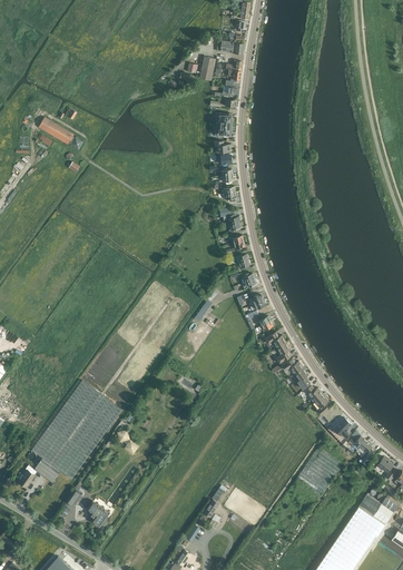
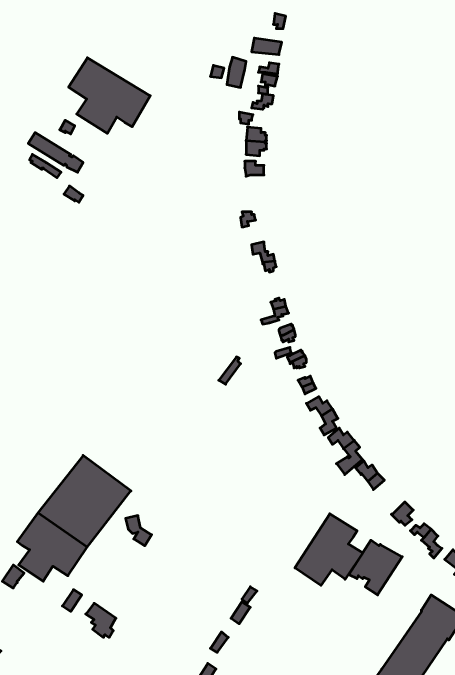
building: none -> [69,58,150,133]
building: none -> [295,514,363,585]

